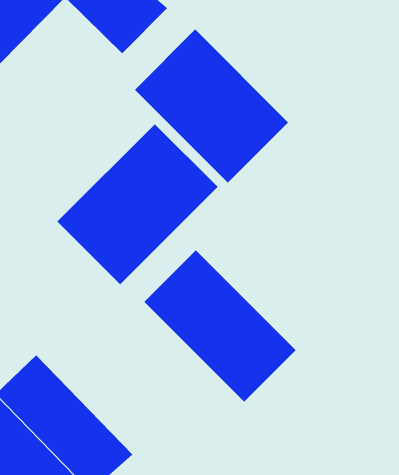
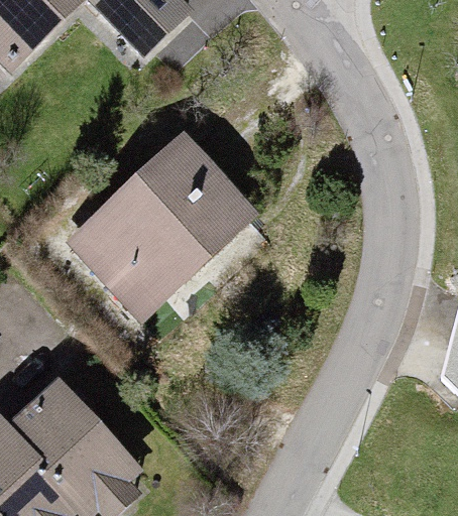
building: [134,29,289,184] -> none
building: [144,250,296,403] -> none

